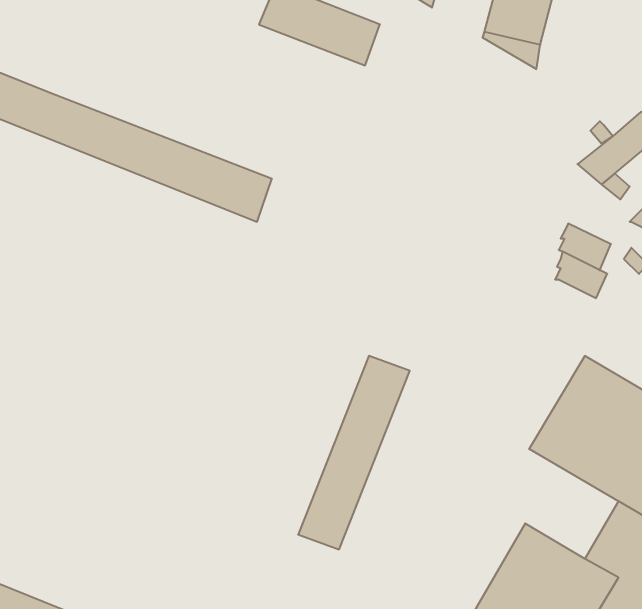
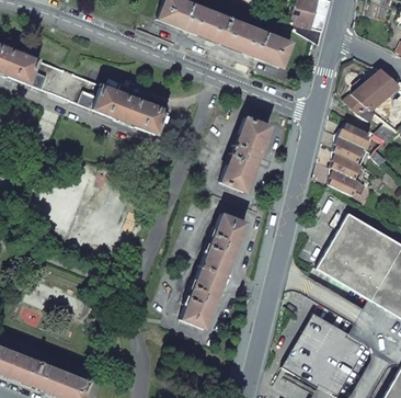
building: none -> [220,19,290,67]
building: none -> [221,117,271,191]
building: none -> [340,123,371,148]
building: none -> [330,169,360,196]

